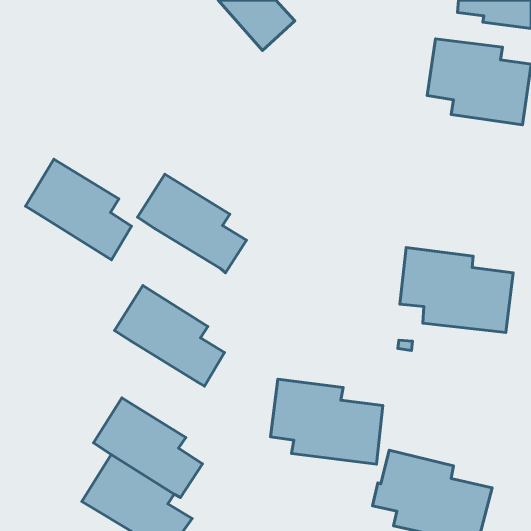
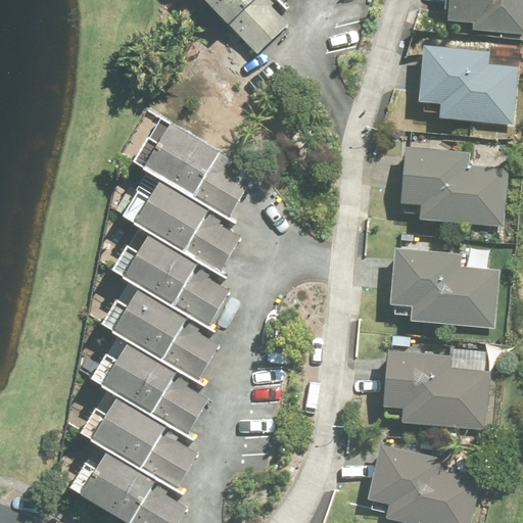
building: none -> [143,121,247,216]
building: none -> [399,145,507,228]
building: [25,159,131,260] -> [124,228,227,326]
building: none -> [101,337,206,434]
building: [271,379,383,464] -> [380,347,489,430]

